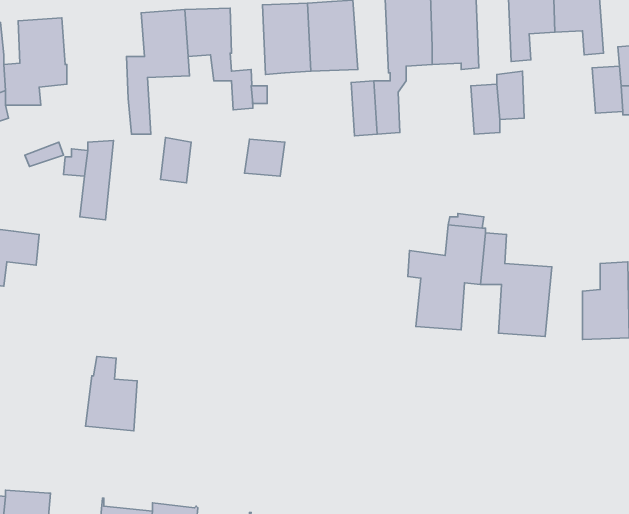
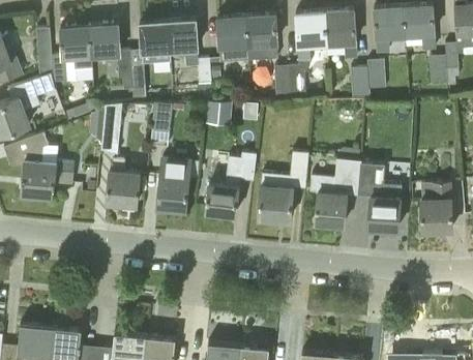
building: none -> [88,23,130,78]
building: none -> [258,150,308,219]
building: none -> [205,152,256,214]
building: none -> [156,158,189,210]
building: [85,357,137,431] -> [106,157,139,205]

